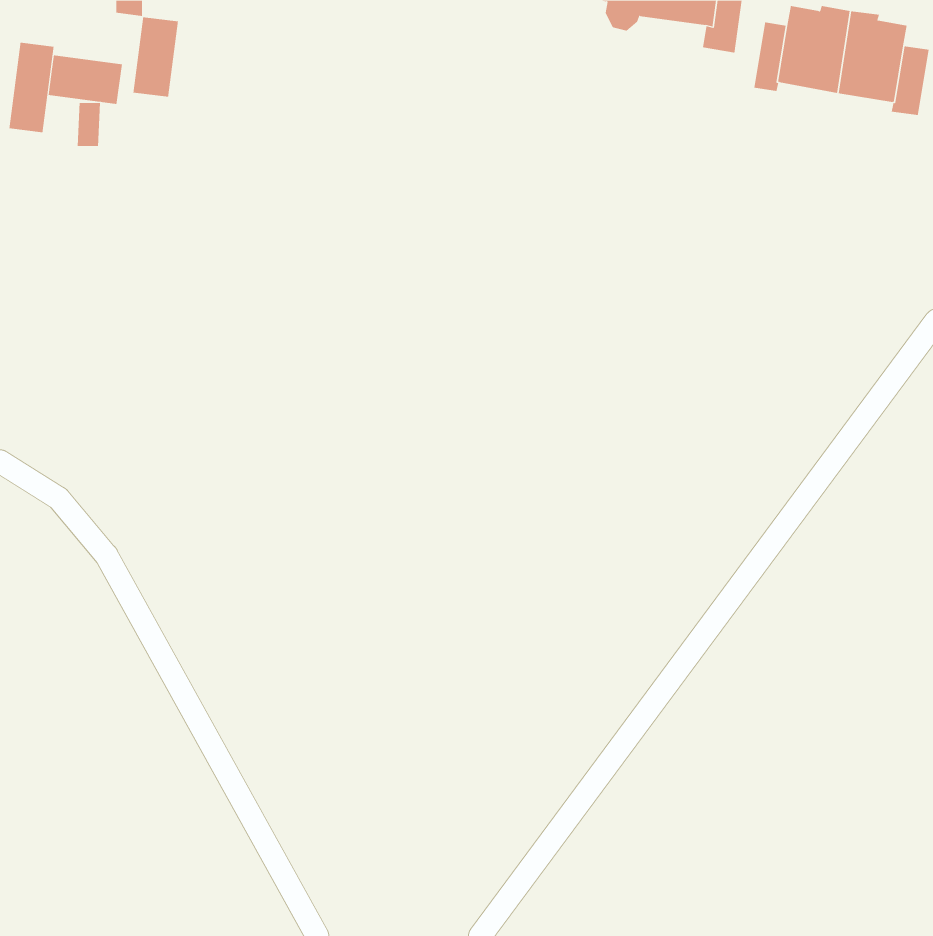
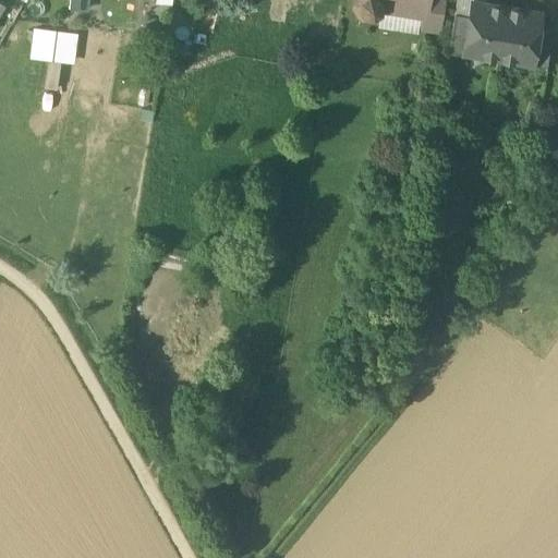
building: [133,16,178,98] -> none
building: [9,42,54,133] -> none

